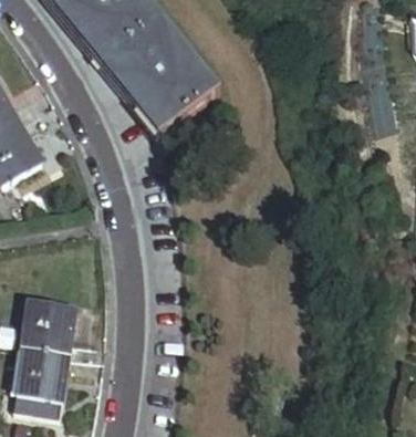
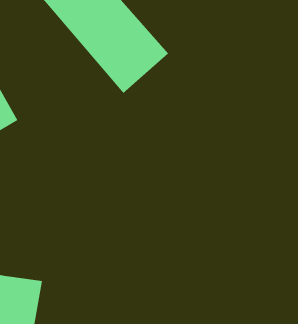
building: [20,300,75,355] -> none

